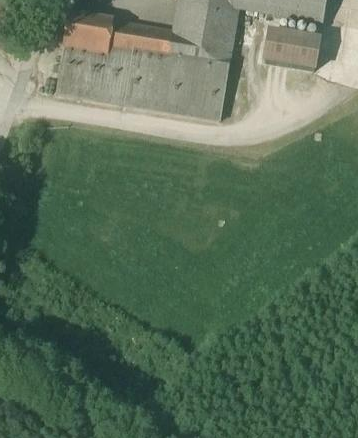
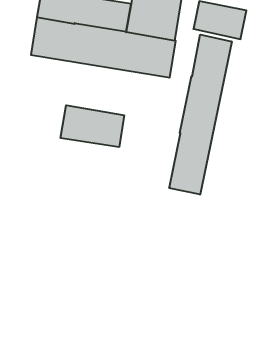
building: none -> [169,35,232,195]
building: none -> [61,105,124,147]

